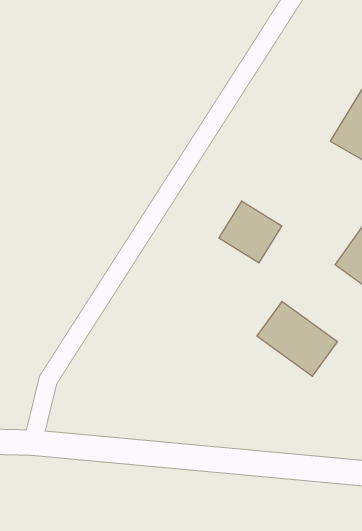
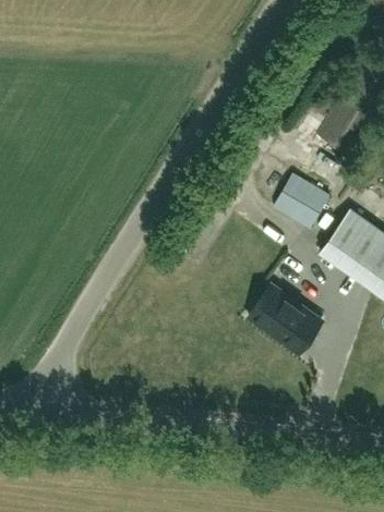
building: [219,201,282,263] -> [272,173,329,230]

